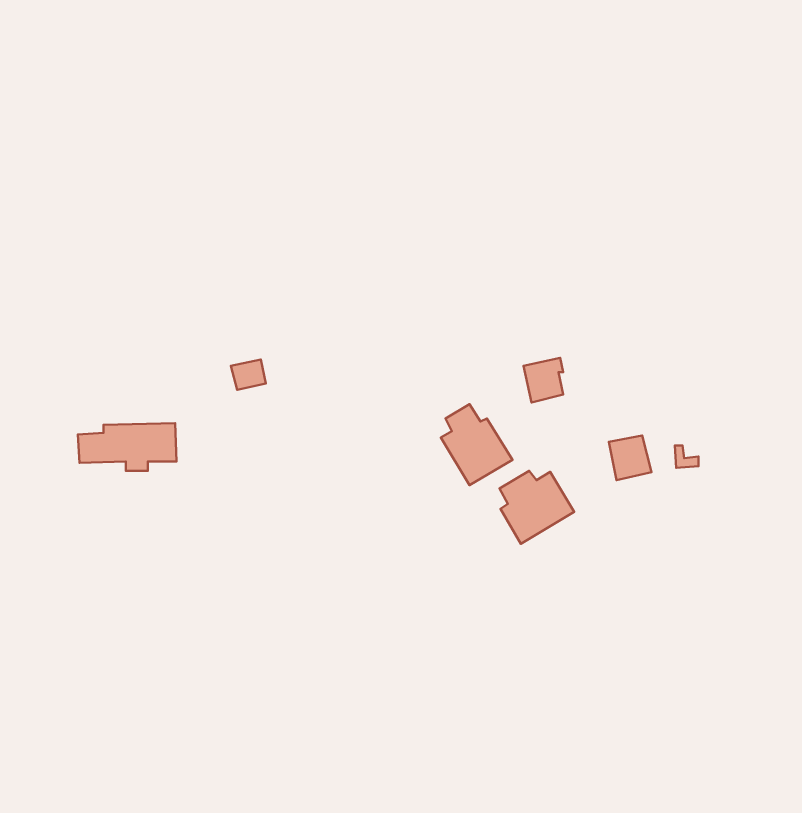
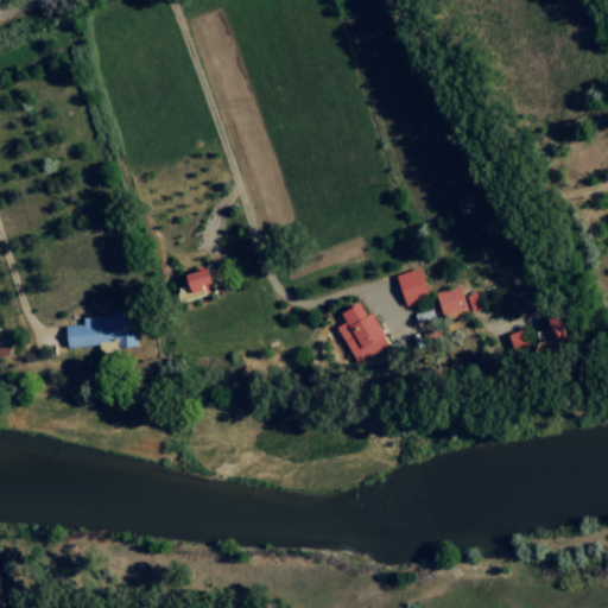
building: [609,435,652,480] -> [438,286,470,319]
building: [500,471,574,544] -> none

